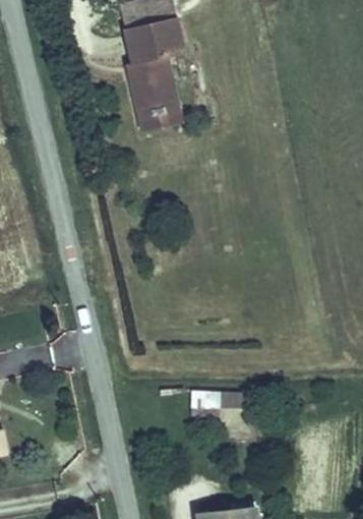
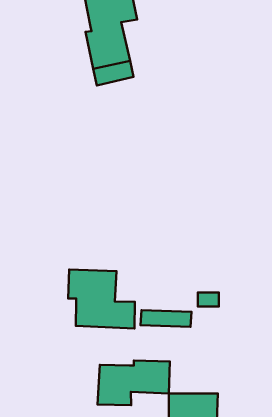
building: none -> [68,270,135,328]
building: none -> [98,360,170,405]

